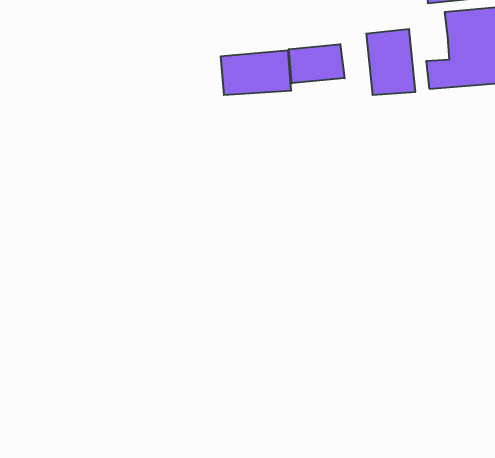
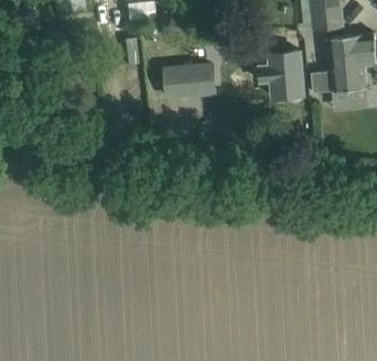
building: [289,44,345,83] -> none

